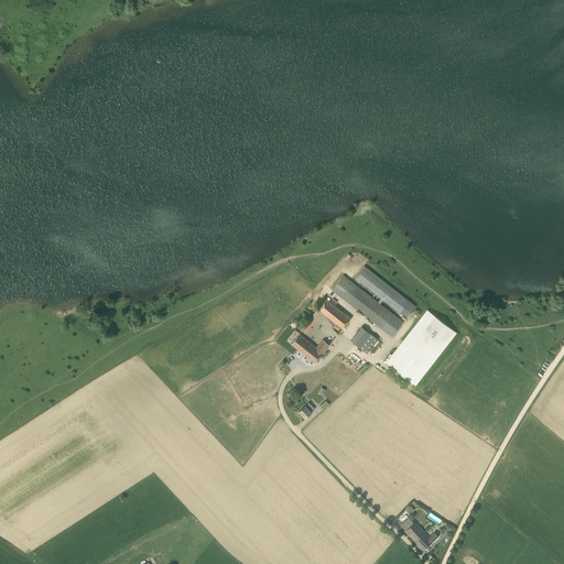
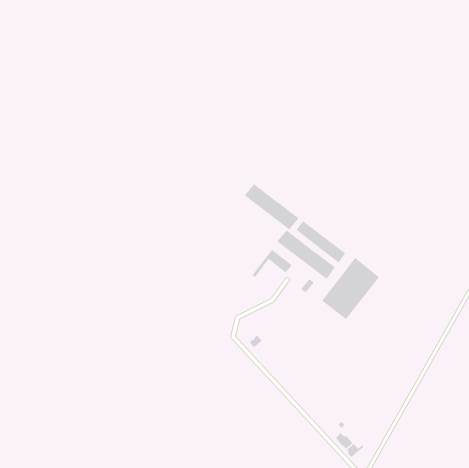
building: none -> [244,183,299,231]
building: [291,335,329,365] -> none

